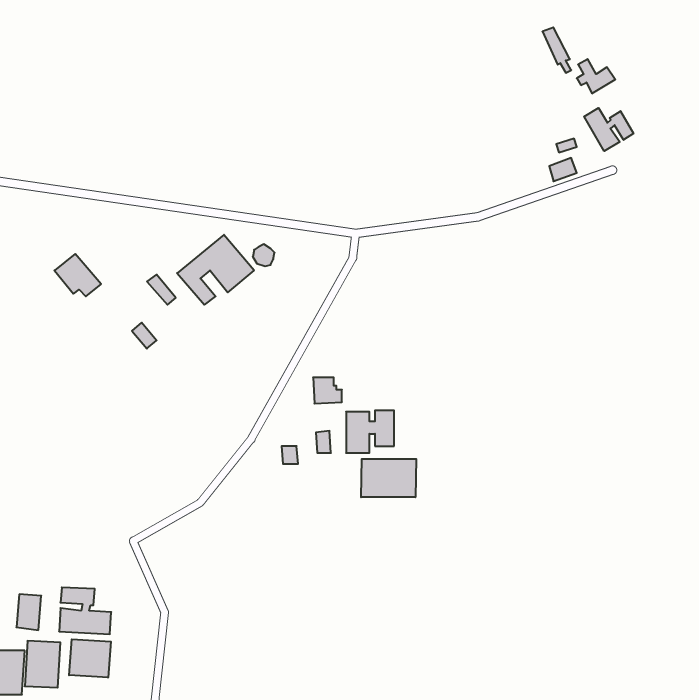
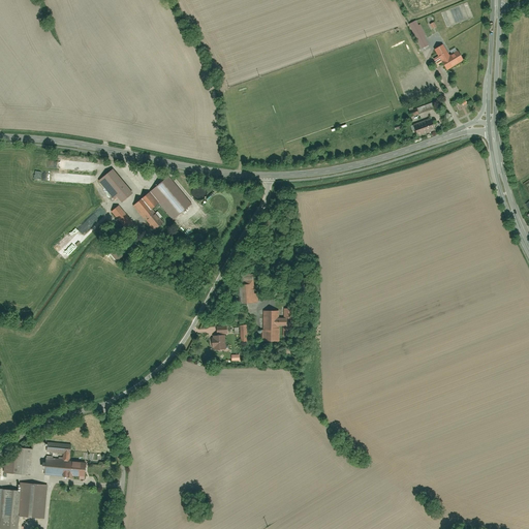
building: [584,108,633,151] -> none
building: [54,254,101,296] -> [97,169,132,201]
building: [361,459,416,497] -> none
building: [69,639,111,678] -> none

